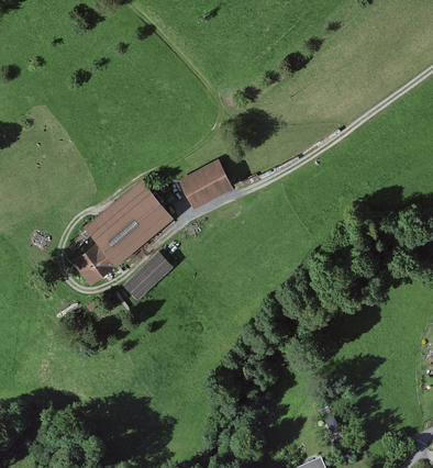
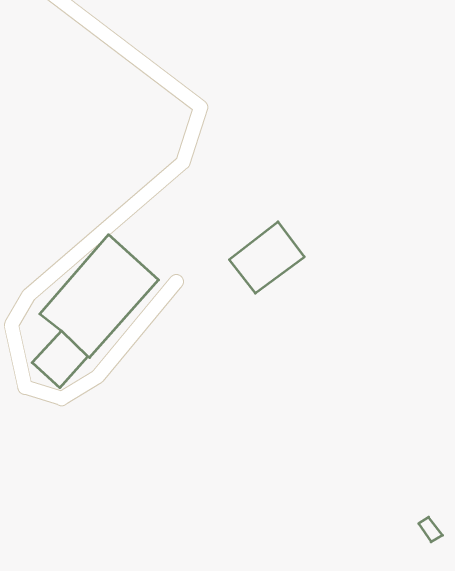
building: [177,159,230,207] -> [229,222,304,293]
building: [124,254,169,298] -> none

